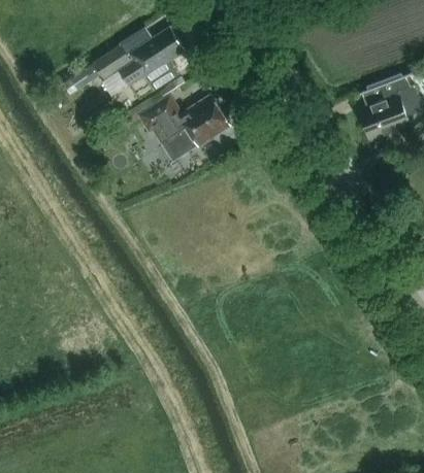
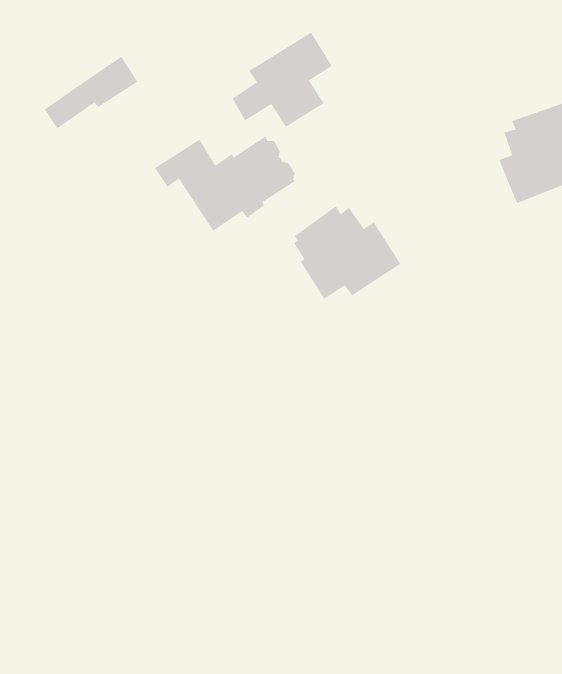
building: [119,29,183,90] -> [232,32,333,128]
building: none -> [293,206,401,300]

